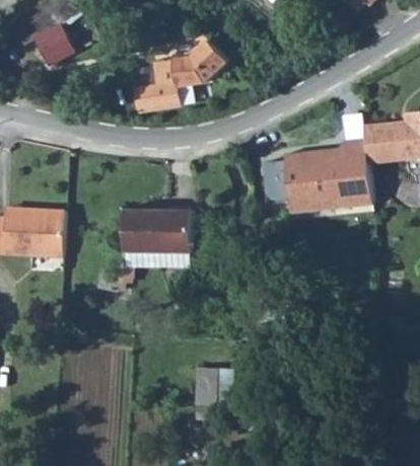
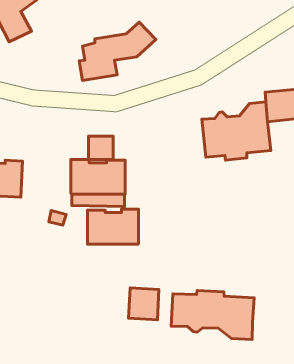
building: none -> [88,136,113,160]
building: none -> [87,209,139,244]
building: none -> [171,290,254,339]

